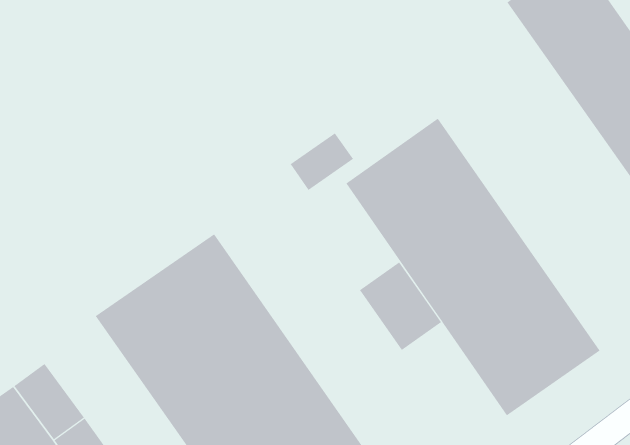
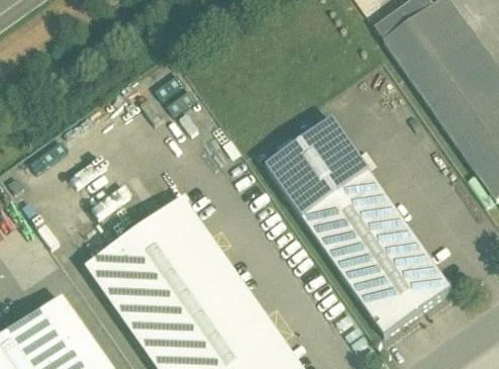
building: [290,132,354,191] -> none
building: [359,262,442,351] -> none

